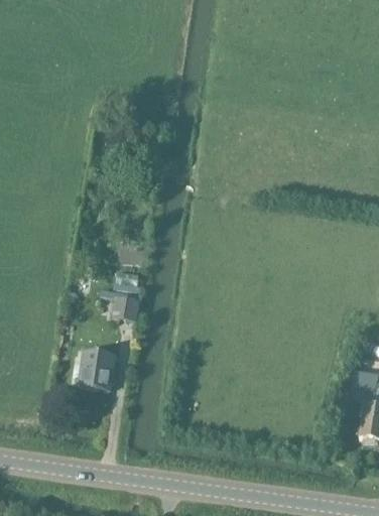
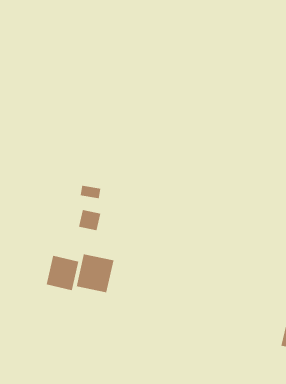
building: none -> [76,253,114,293]

